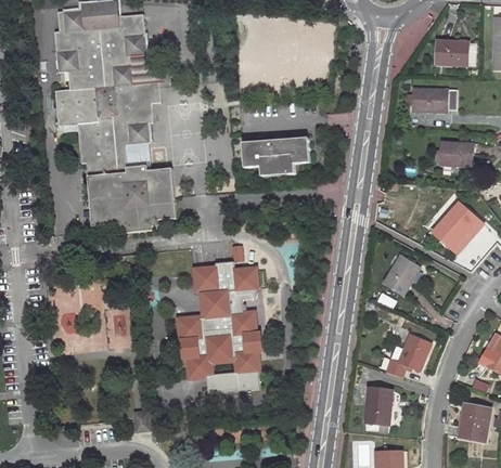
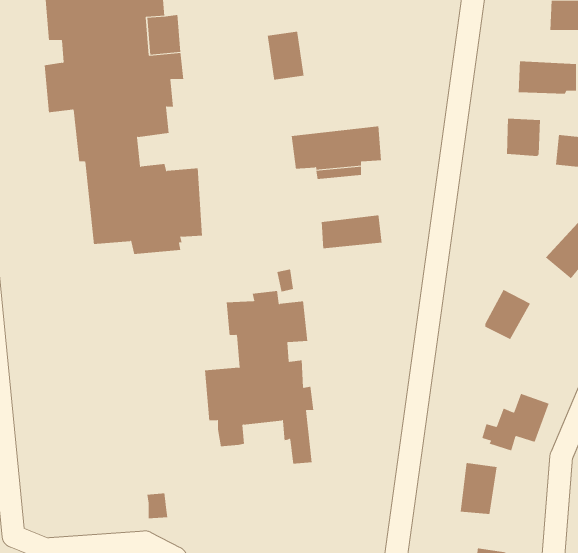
building: none -> [267,31,304,80]
building: none -> [506,118,541,157]
building: none -> [321,214,382,249]
building: [202,370,242,392] -> none

